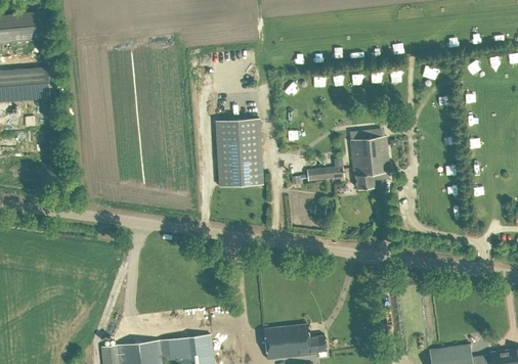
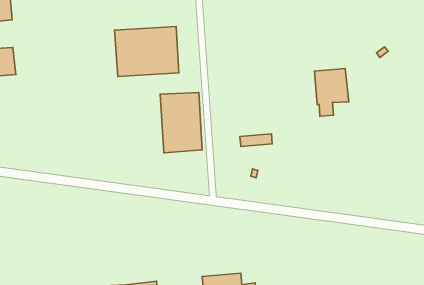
building: none -> [114,26,179,76]
building: [351,137,390,191] -> [315,68,349,116]

